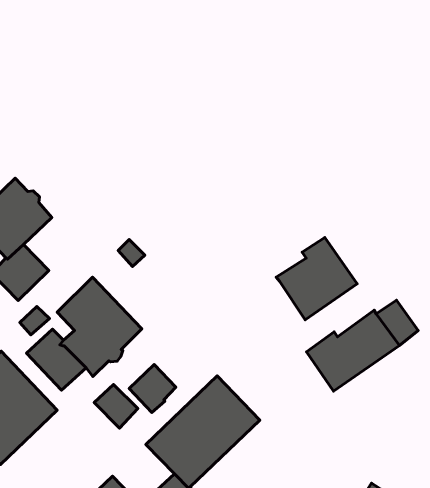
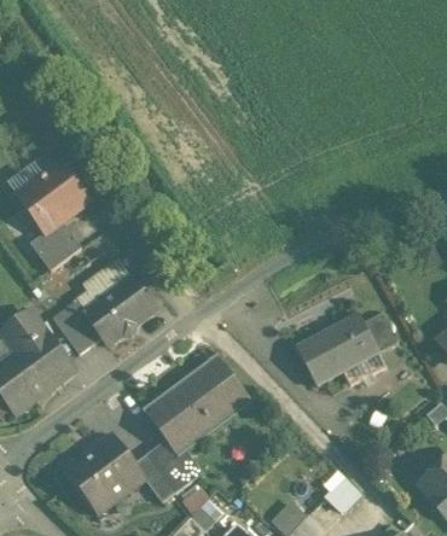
building: [276,237,357,320] -> none
building: [129,364,176,412] -> none
building: [94,385,138,428] -> none

